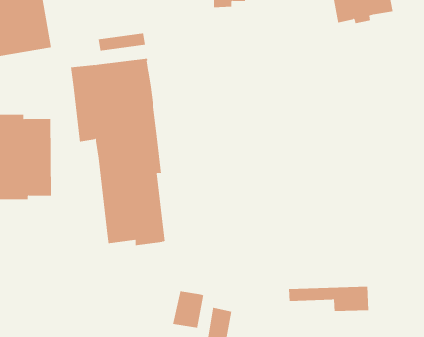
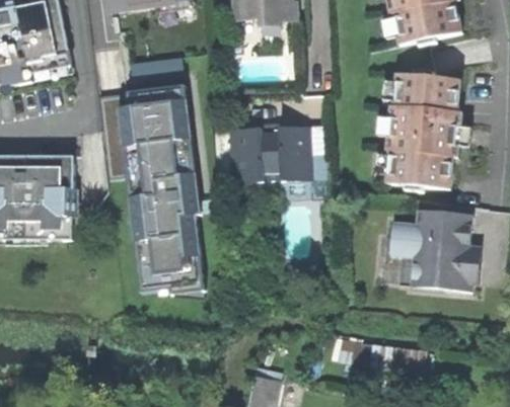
building: none -> [384,68,460,189]
building: none -> [232,127,311,183]
building: none -> [389,211,480,292]
building: [173,291,204,329] -> none

